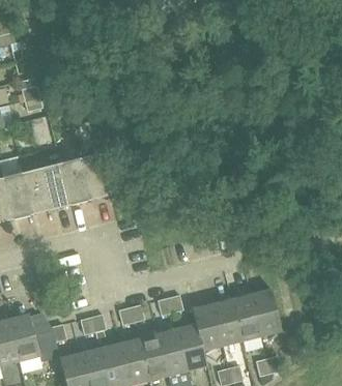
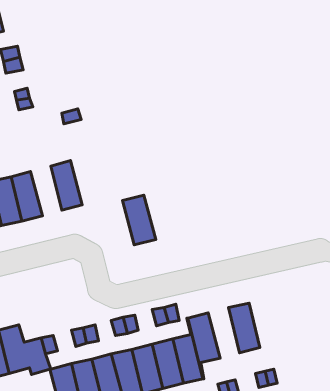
building: [79,152,111,200] -> [122,195,156,245]
building: [40,162,70,210] -> none
building: [251,289,281,336] -> none
building: [211,298,241,347] -> none

